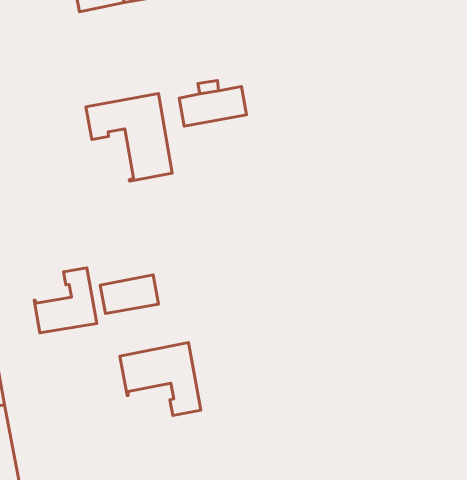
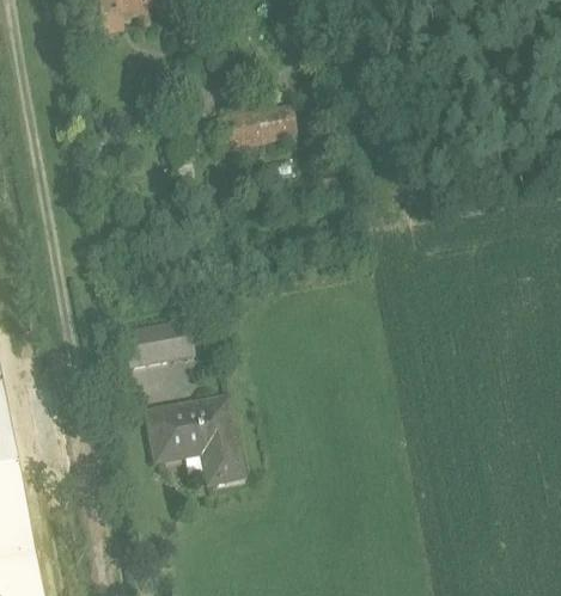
building: [86,94,172,181] -> none
building: [34,268,97,333] -> none

